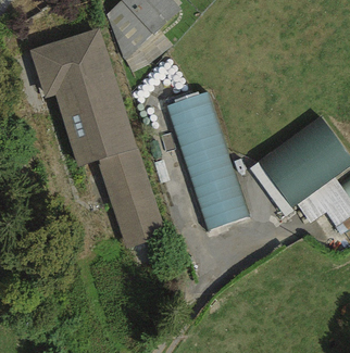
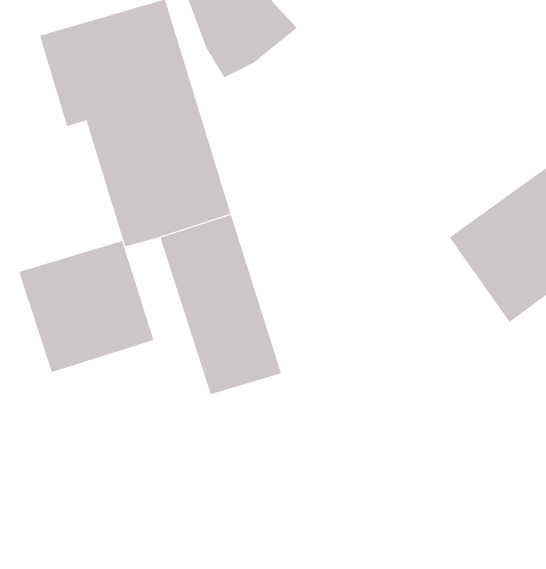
building: [167,97,249,234] -> none
building: none -> [19,240,154,373]

